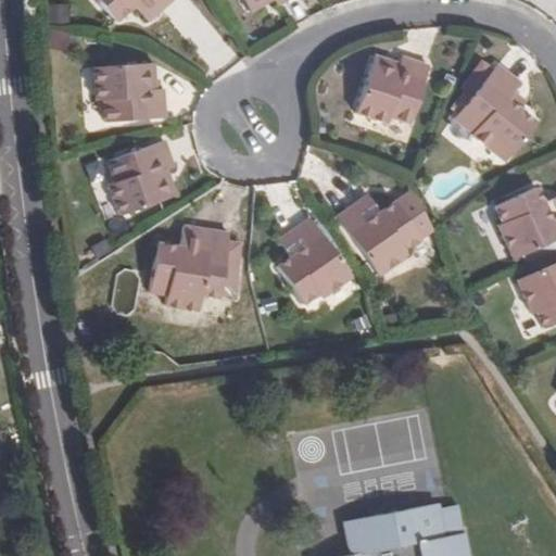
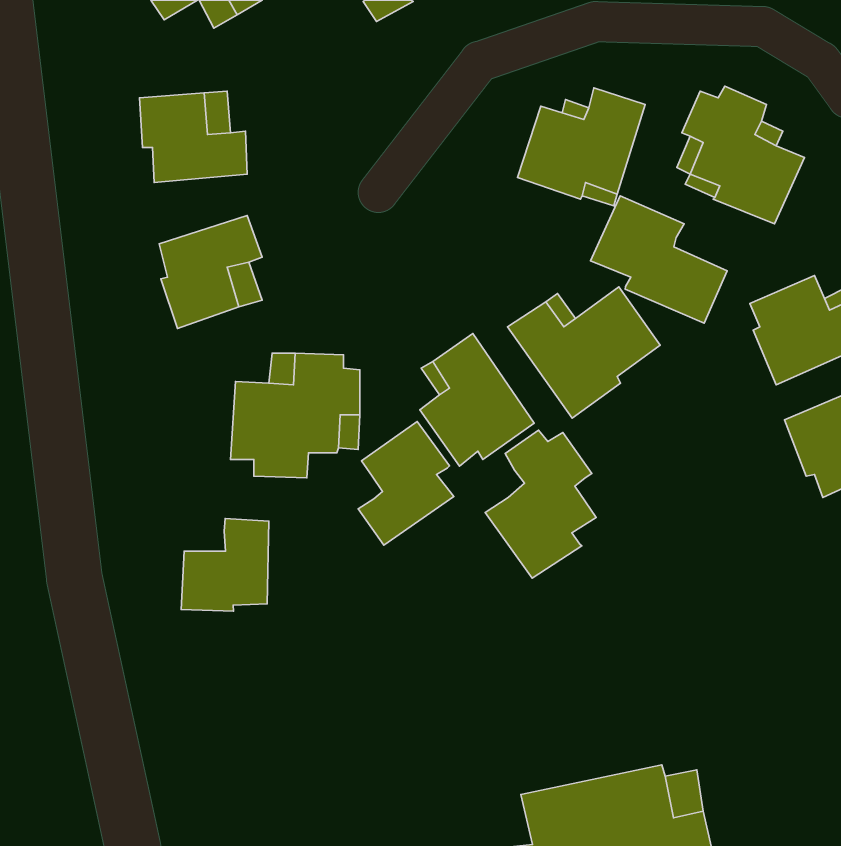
building: none -> [591,196,727,323]
building: none -> [358,421,454,545]
building: none -> [485,430,596,578]
building: none -> [181,519,269,611]

